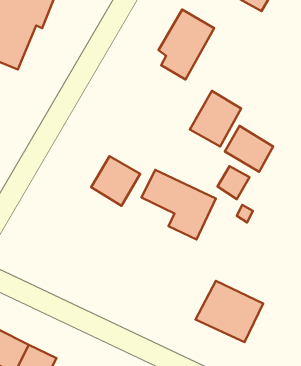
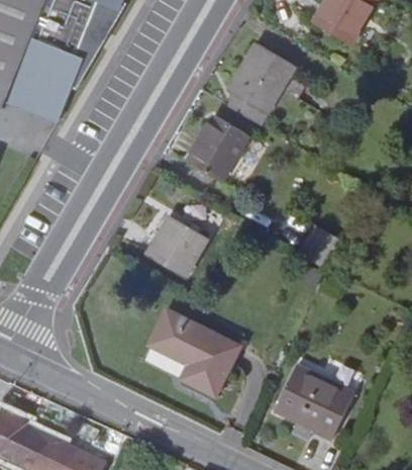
building: [190,91,241,146] -> [188,115,249,182]
building: [225,126,273,172] -> none
building: [142,170,216,240] -> [151,312,240,396]

